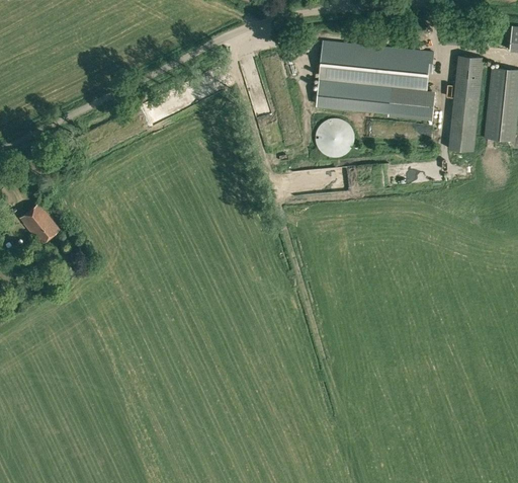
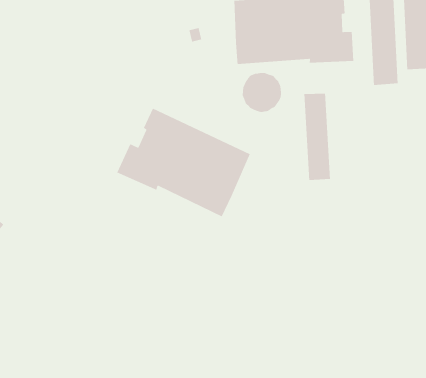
building: none -> [116,108,251,217]
building: none -> [303,93,331,181]

